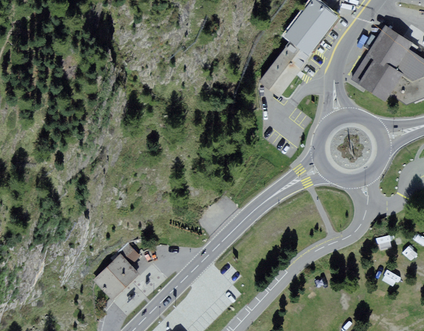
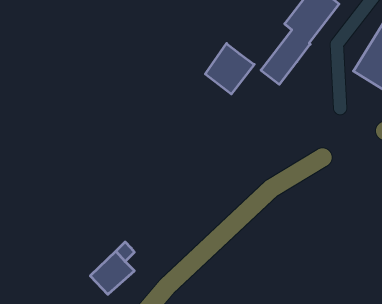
building: none -> [205,43,254,94]

